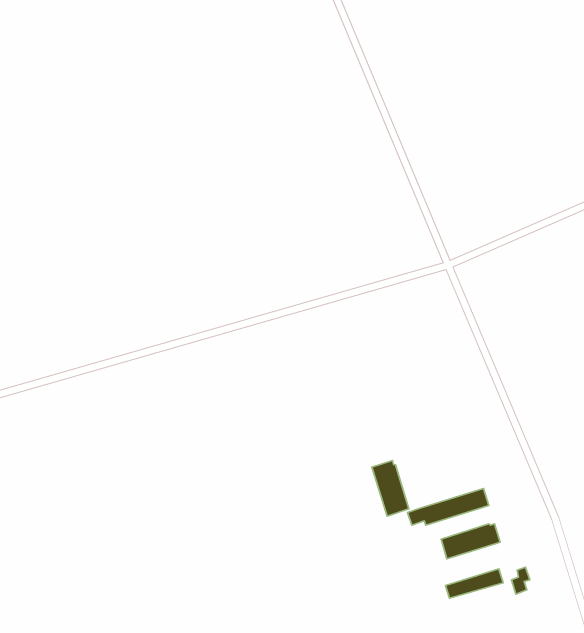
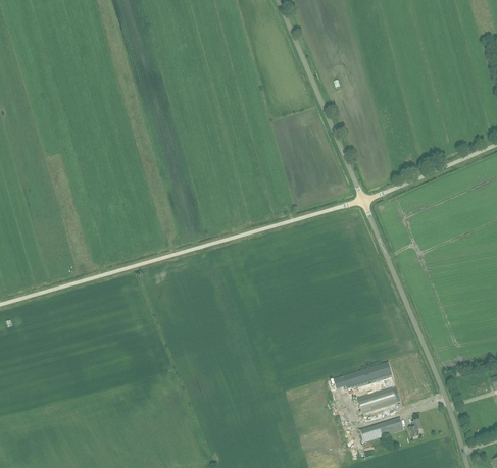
building: [372,461,409,516] -> none

